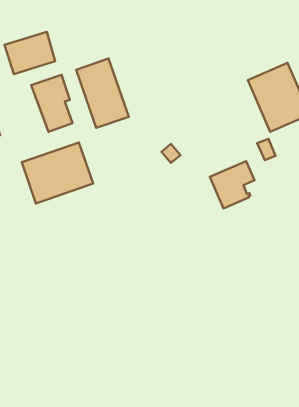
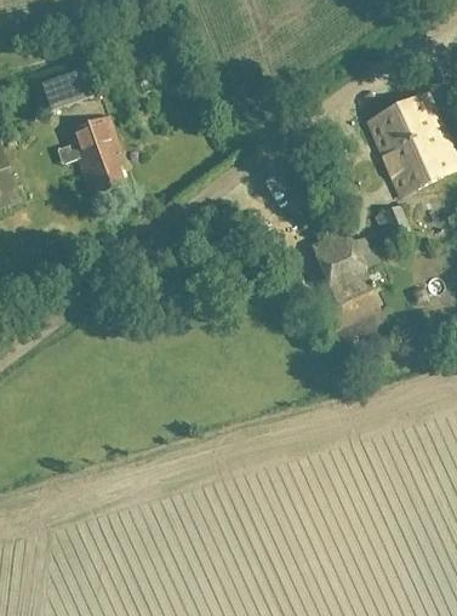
building: [76,59,129,128] -> none
building: [22,143,93,203] -> none

